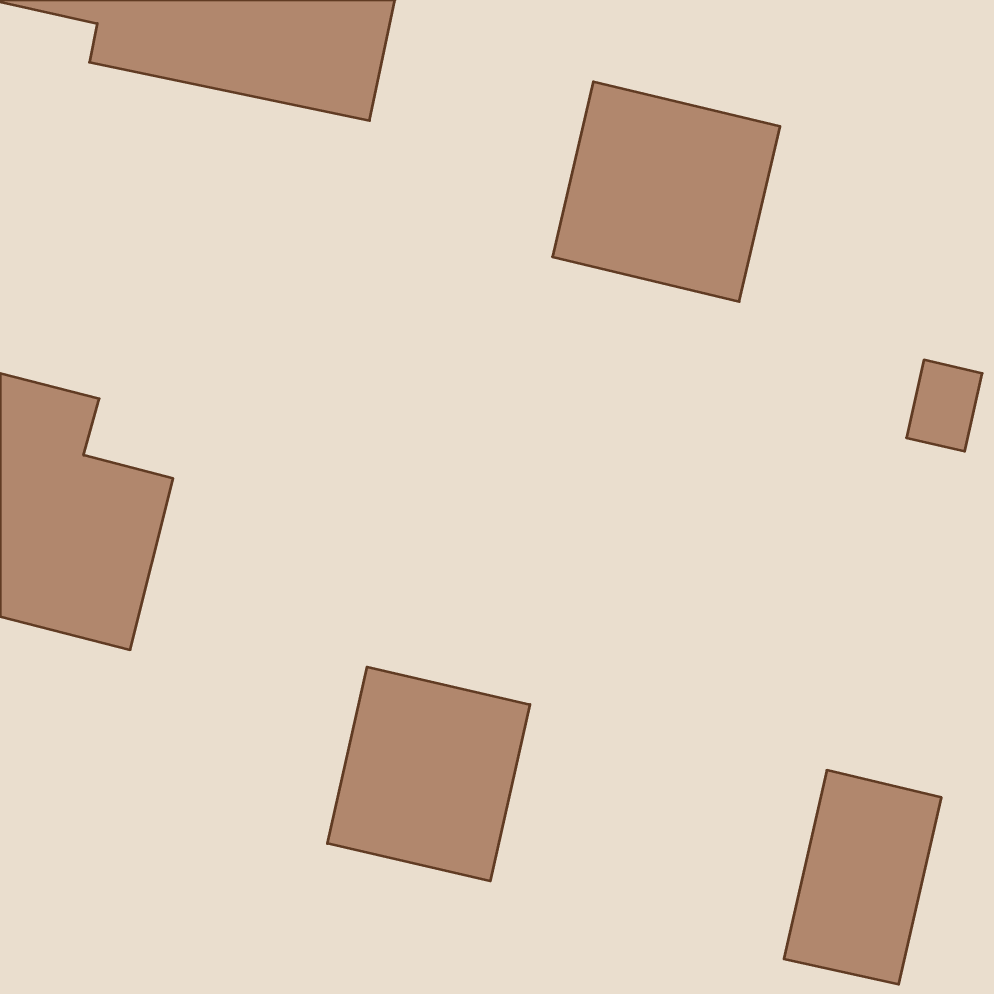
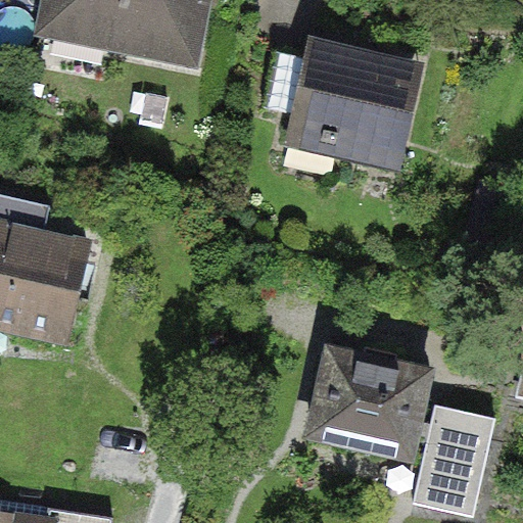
building: none -> [301,342,432,463]
building: [327,667,530,881] -> none

